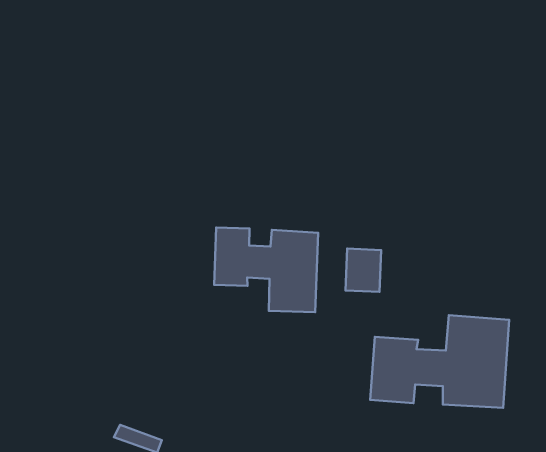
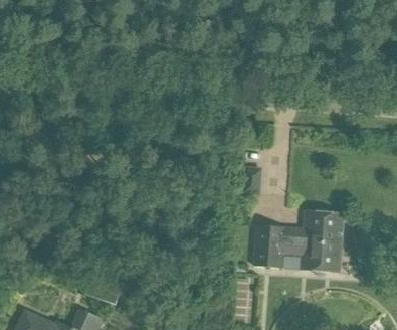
building: [214,227,318,312] -> none

